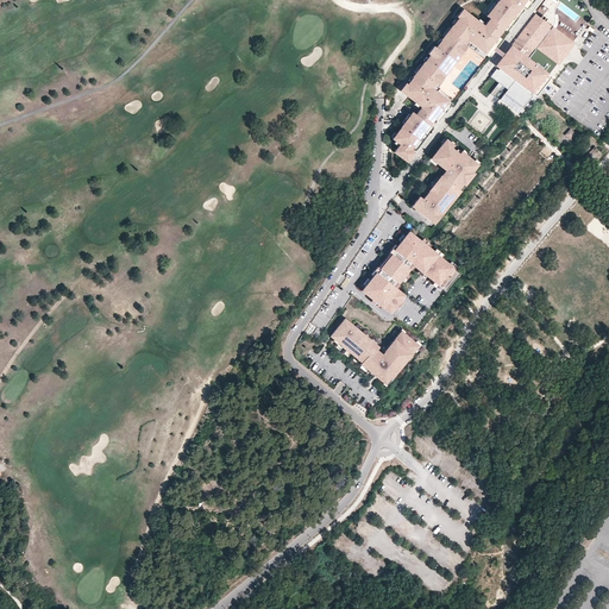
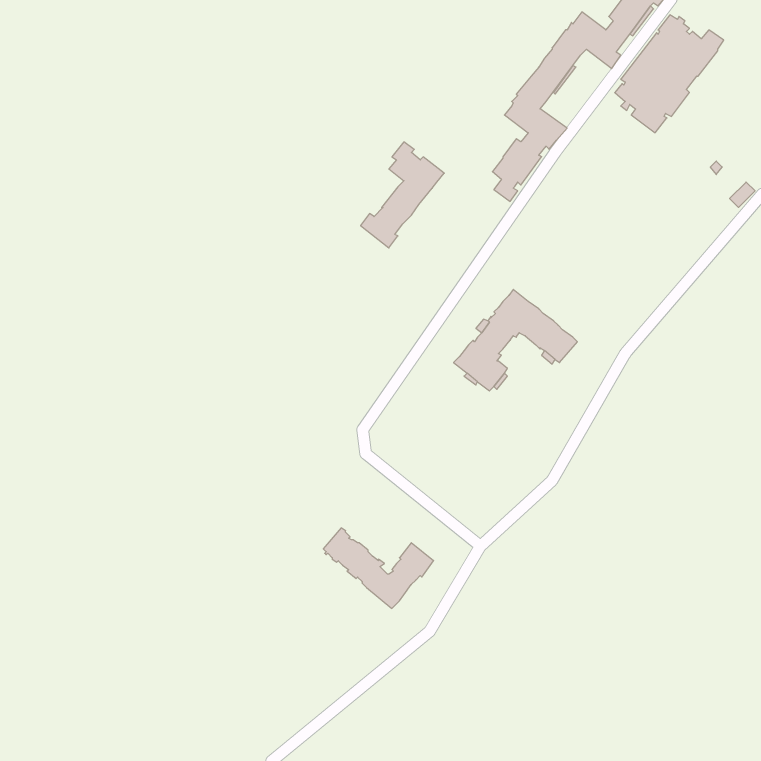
building: [413,138,479,222] -> [361,142,444,248]
building: [332,318,420,382] -> [323,528,434,608]

